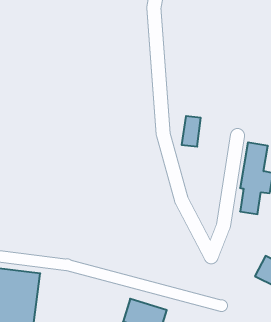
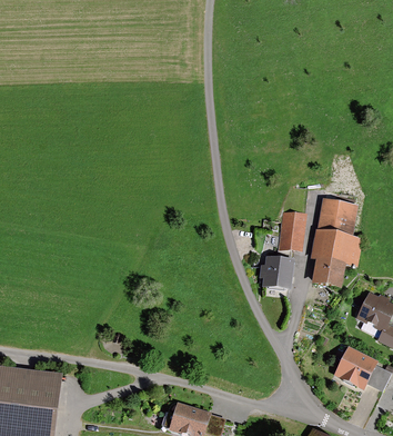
building: [182,116,201,147] -> [281,211,305,250]
building: none -> [262,260,291,297]

